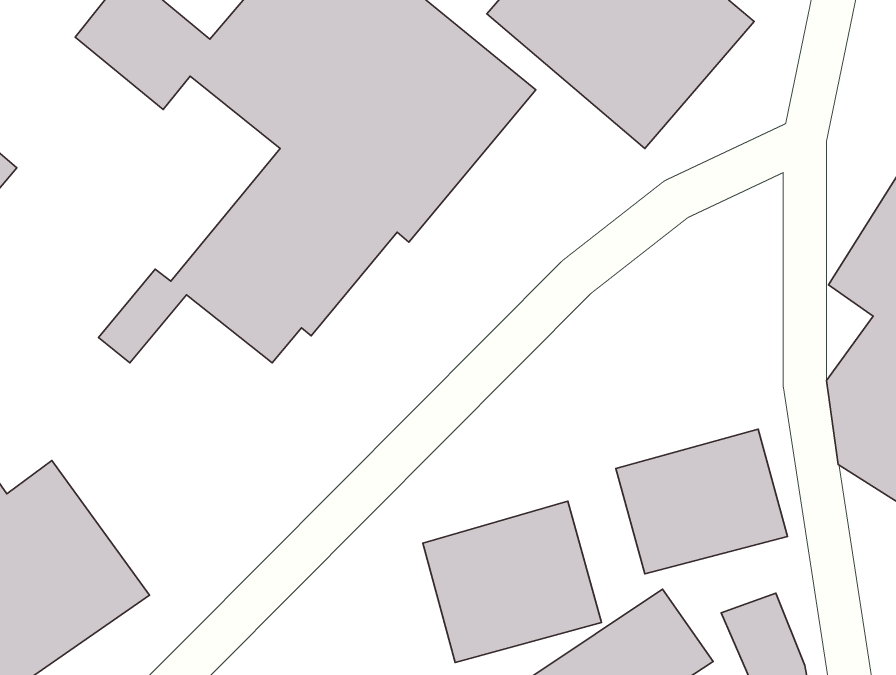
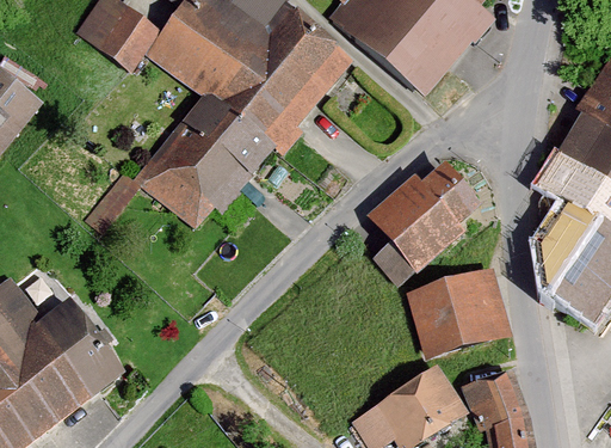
building: none -> [366,159,482,286]
building: [423,501,601,663] -> none

